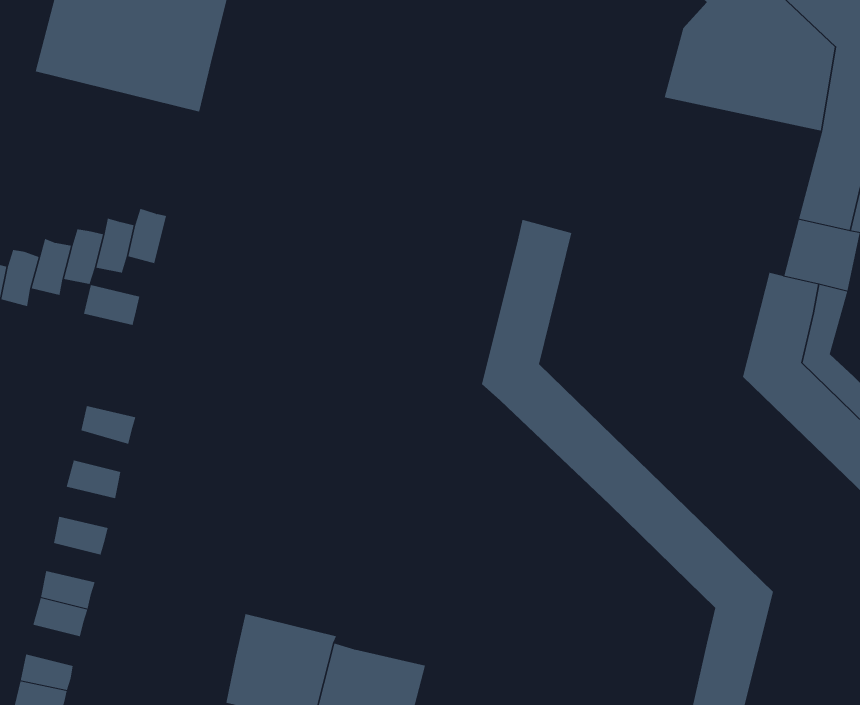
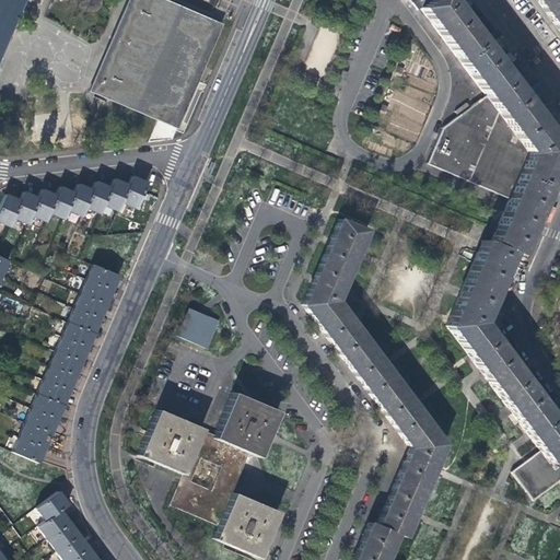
building: [83,285,140,326] -> [89,262,121,289]
building: none -> [176,307,218,346]
building: none -> [77,291,108,317]
building: none -> [63,320,96,347]
building: none -> [51,350,83,375]
building: none -> [213,390,280,455]
building: none -> [33,393,65,419]

